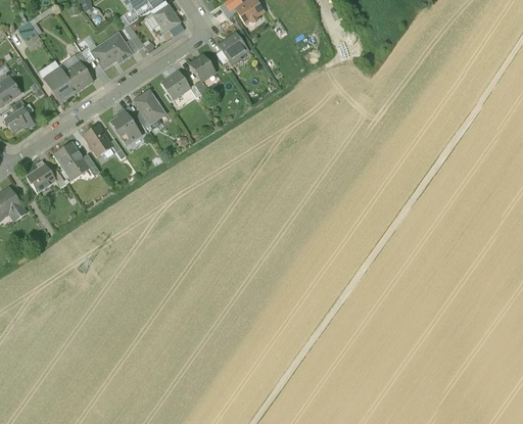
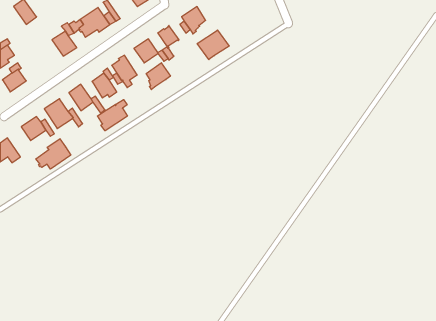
building: none -> [197,30,229,60]
building: [44,69,76,103] -> none
building: none -> [146,63,170,90]
building: none -> [97,100,127,131]
building: none -> [36,139,71,169]

